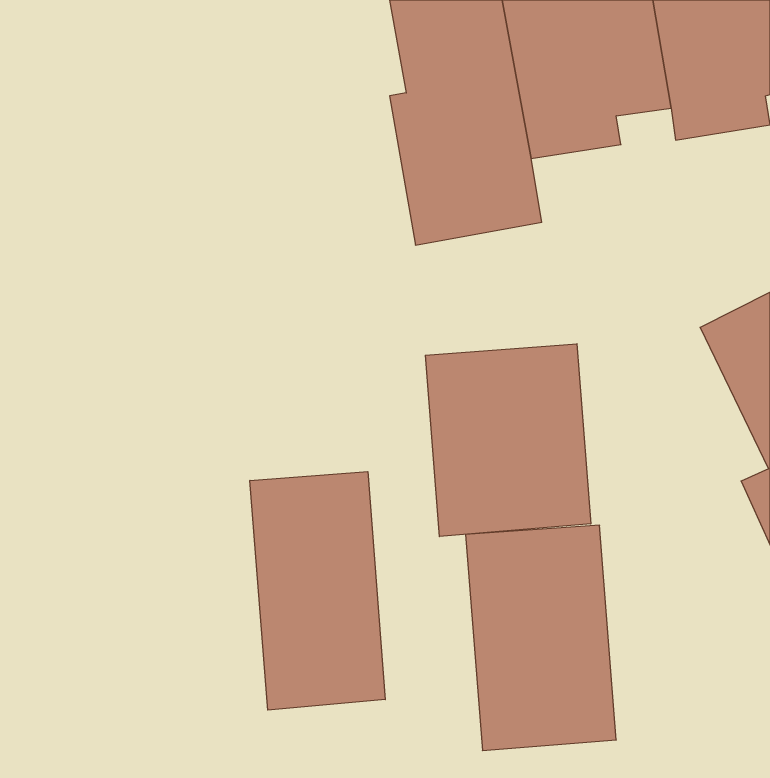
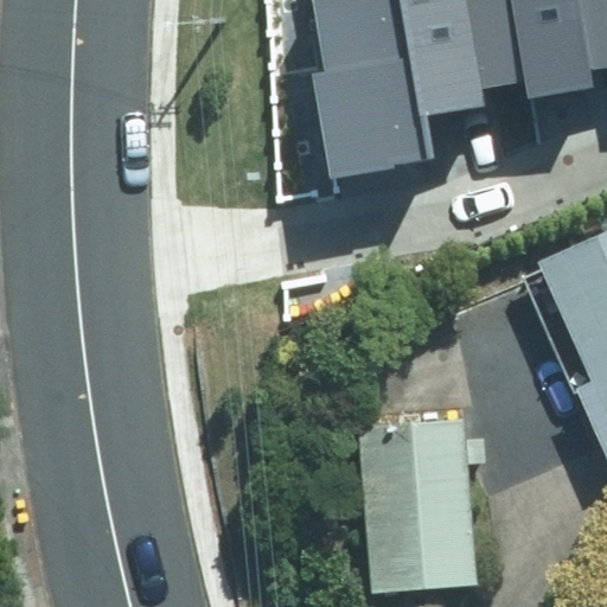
building: [425,344,591,537] -> none
building: [250,472,385,710] -> none

